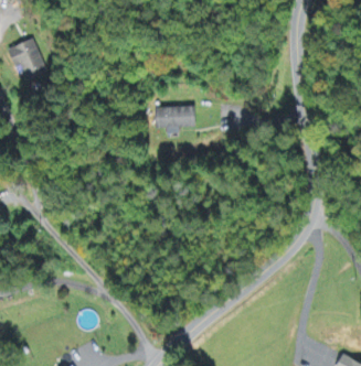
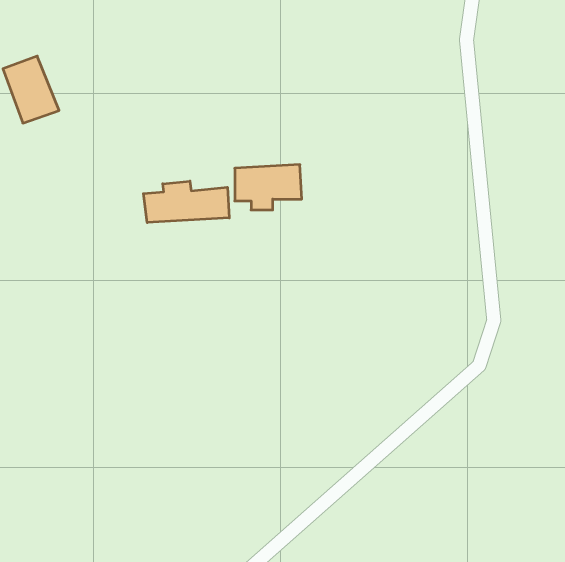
building: none -> [143,181,229,223]

